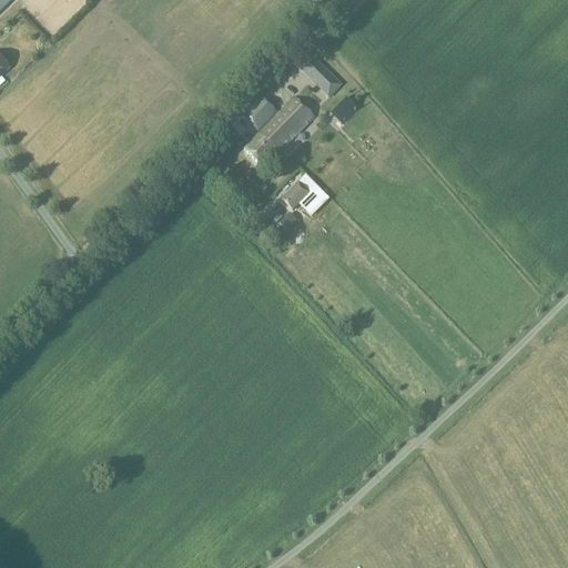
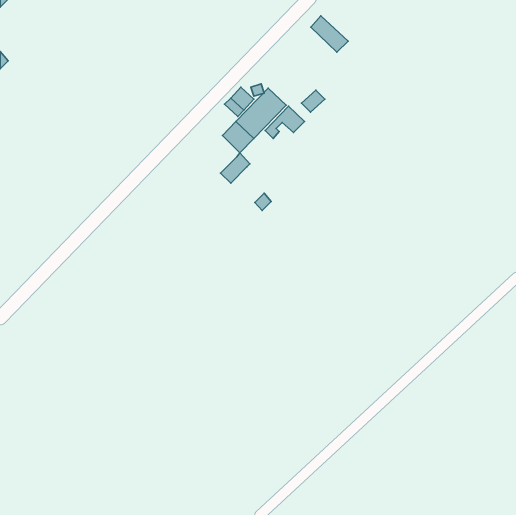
building: [303,54,344,94] -> [311,16,348,52]
building: [282,178,314,211] -> [221,153,250,183]

